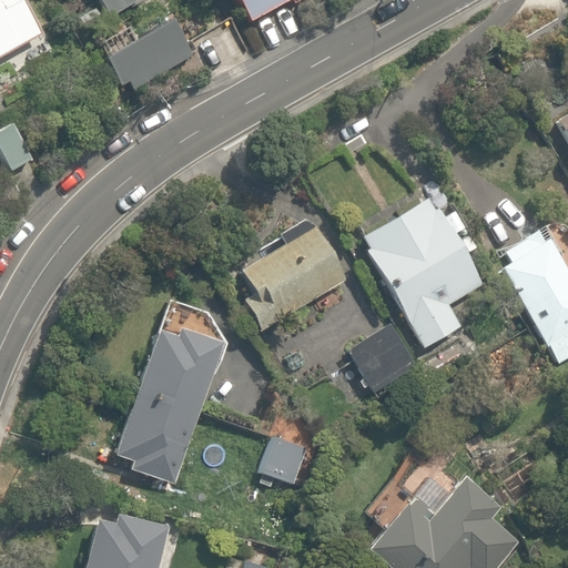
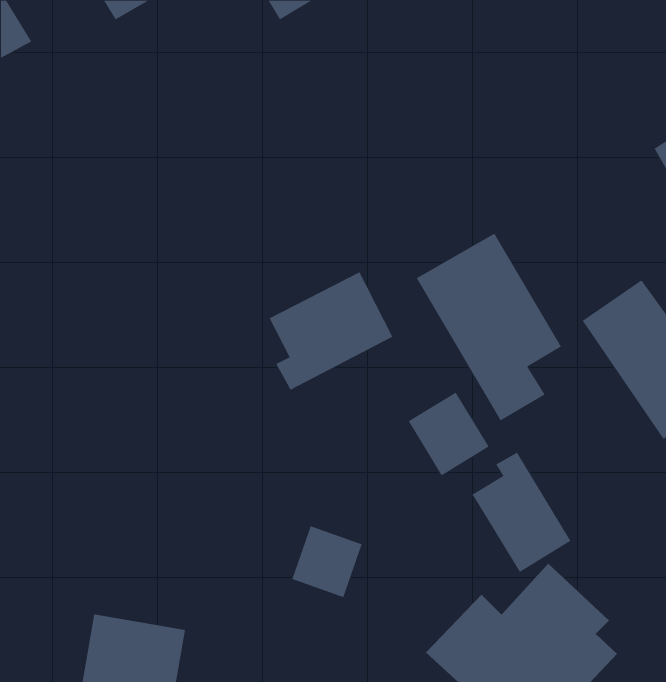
building: [104,11,193,91] -> none
building: [119,296,229,488] -> none
building: none -> [472,452,571,573]

